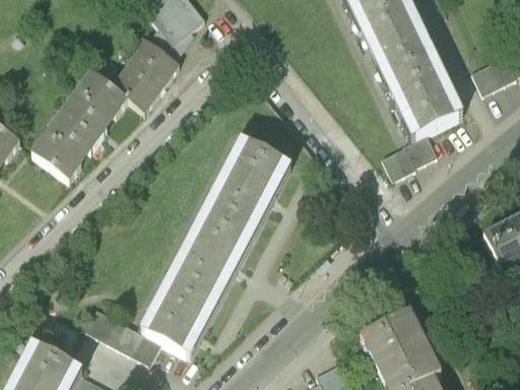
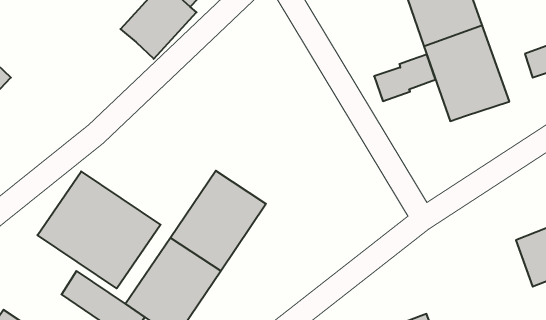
building: [29,69,125,176] -> none
building: [380,129,435,175] -> [374,55,436,101]
building: [208,138,288,226] -> none
building: none -> [37,171,161,288]

